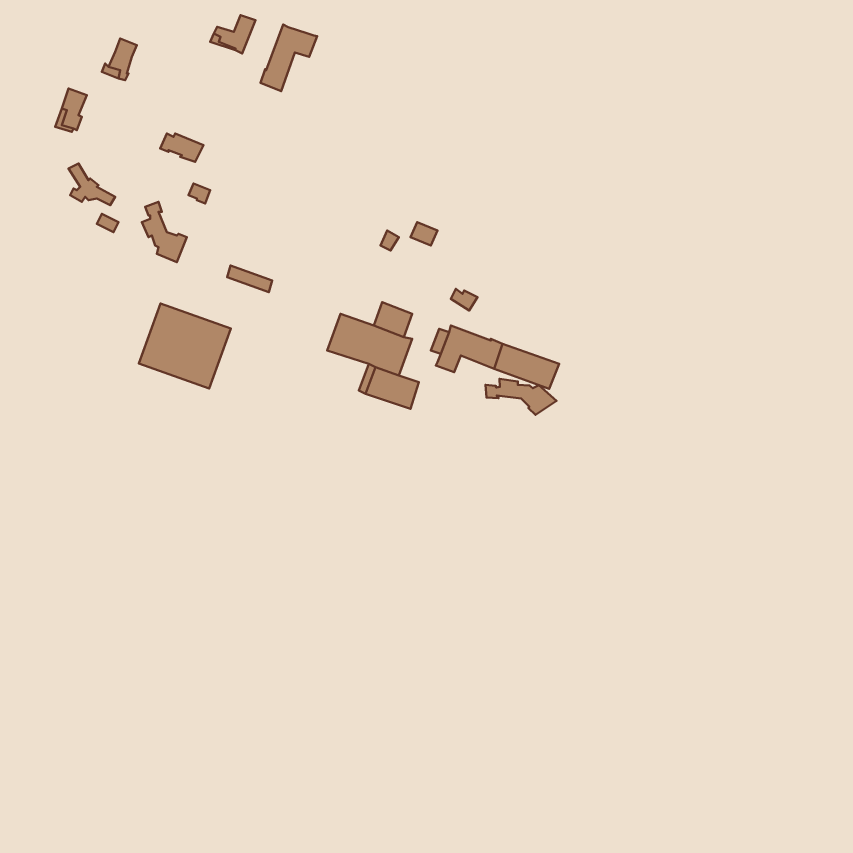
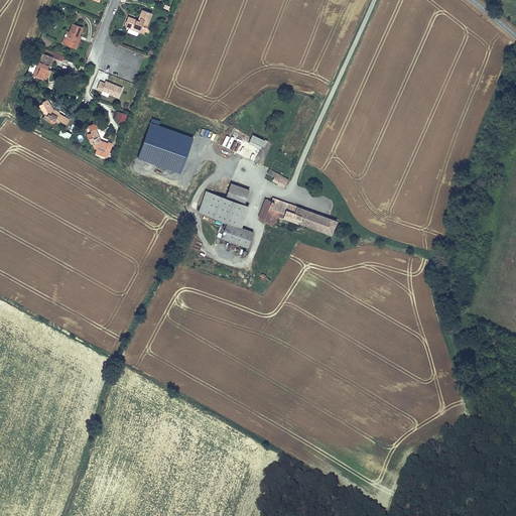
building: [261,24,317,91] -> none
building: [139,304,231,389] -> [138,122,194,173]
building: [486,379,557,415] -> none

